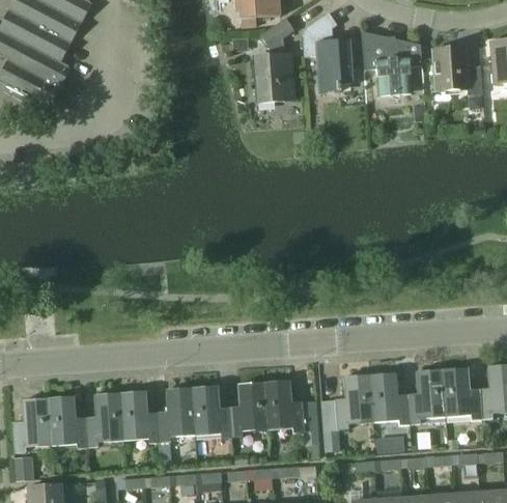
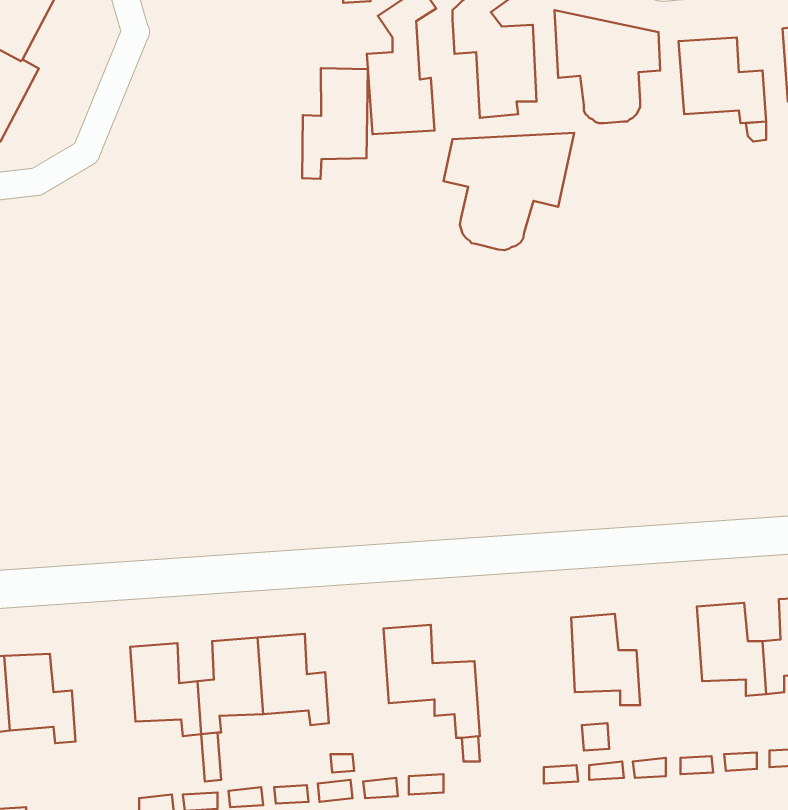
building: none -> [302,68,368,179]
building: none -> [444,133,574,250]
building: [409,370,446,426] -> none
building: [321,376,373,451] -> none
building: [231,383,267,437] -> none
building: [87,393,123,447] -> none

